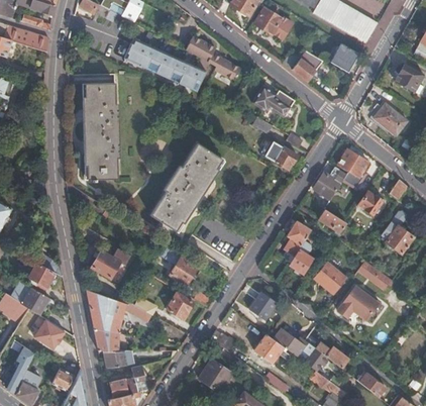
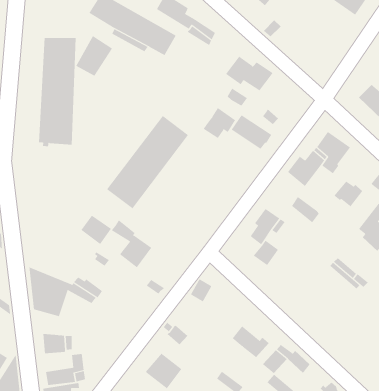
building: [330,43,357,72] -> none
building: [291,50,322,81] -> none
building: none -> [75,35,113,76]
building: none -> [203,107,236,139]
building: [92,251,120,278] -> [80,215,112,245]
building: [314,262,344,292] -> none
building: [336,286,379,320] -> none
building: [166,292,194,319] -> none
building: [251,292,278,319] -> none
building: [94,328,119,349] -> none
building: [254,334,285,364] -> none

